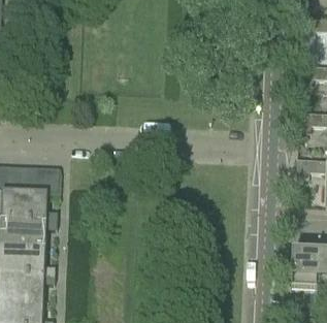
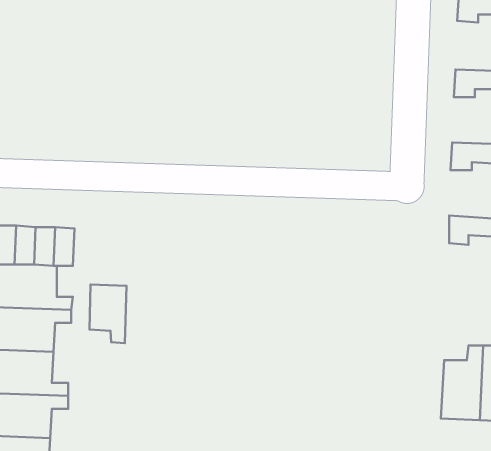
building: none -> [90,285,127,343]

